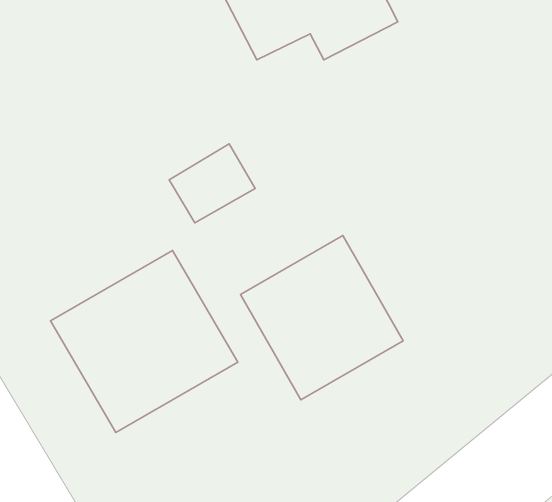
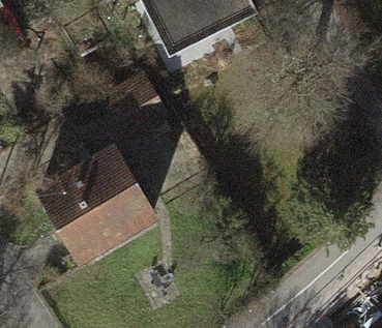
building: [240,235,403,400] -> none

